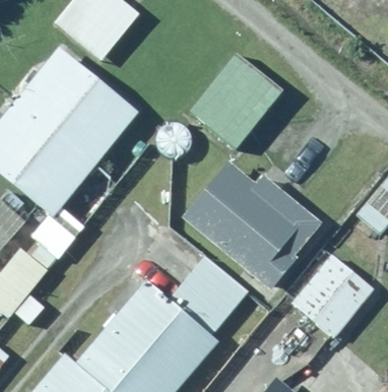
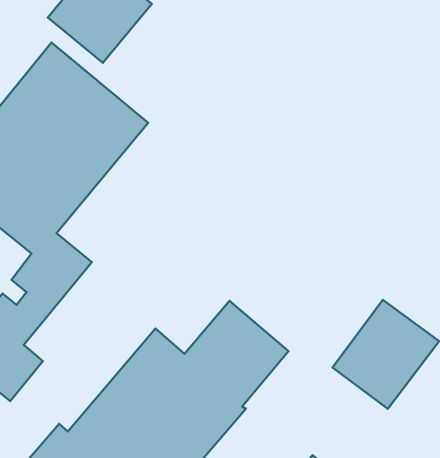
building: [188,52,280,146] -> none
building: [179,162,325,289] -> none

